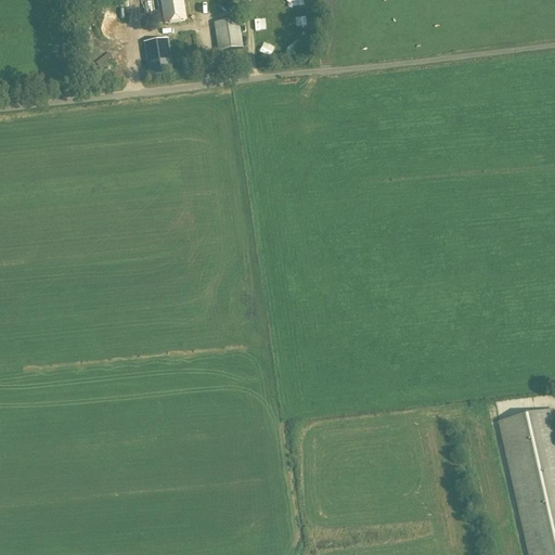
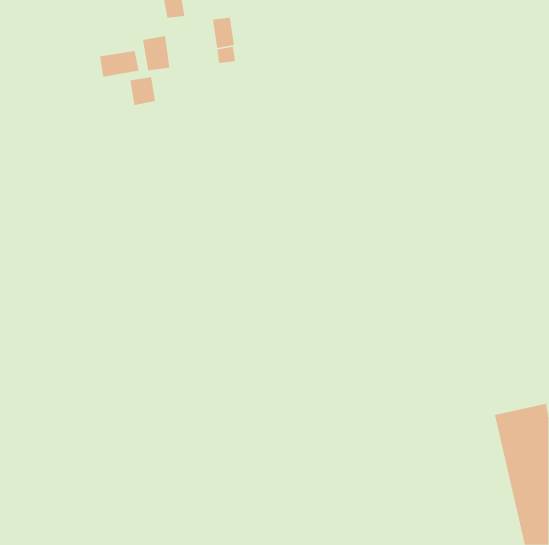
building: none -> [100,50,139,77]
building: none -> [130,77,155,106]

